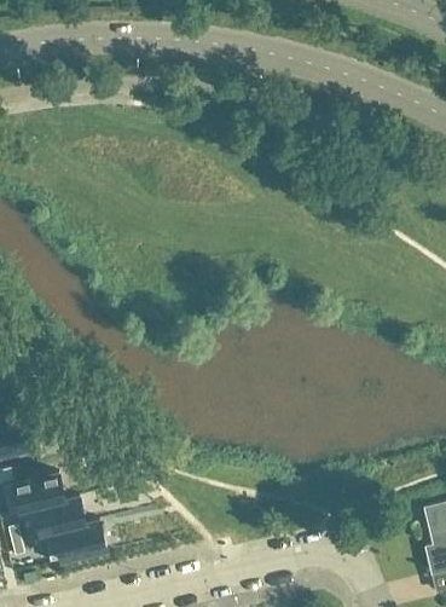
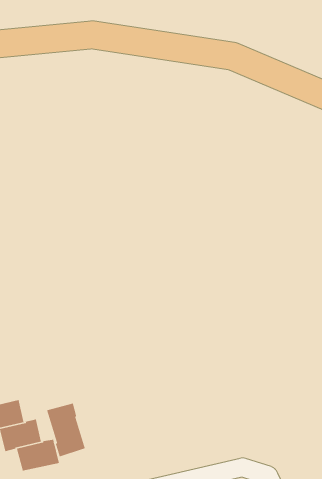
building: none -> [46,403,86,457]

